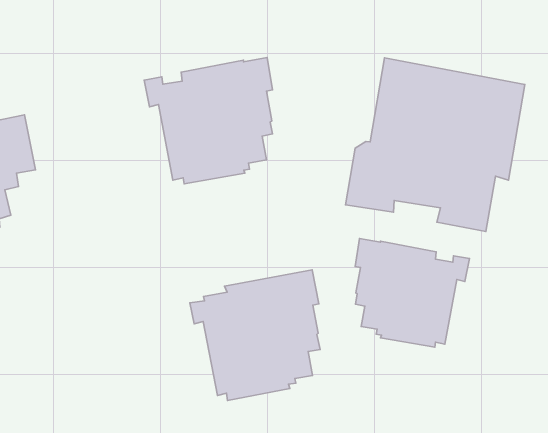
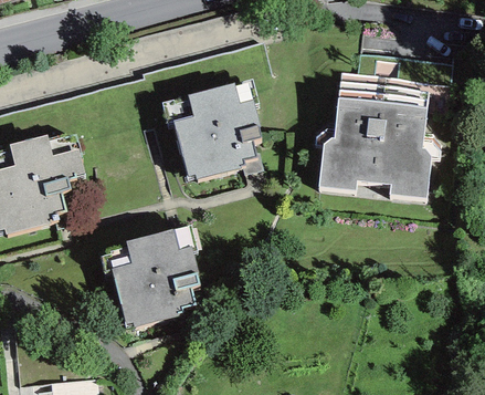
building: [355,239,470,347] -> none
building: [190,270,320,401] -> [98,226,199,329]

